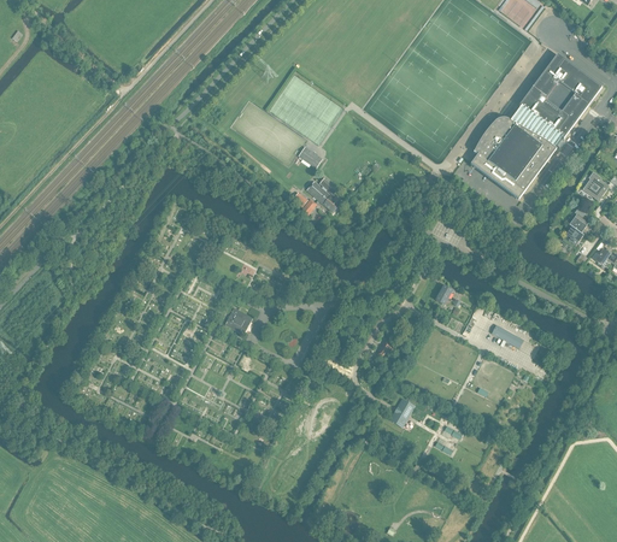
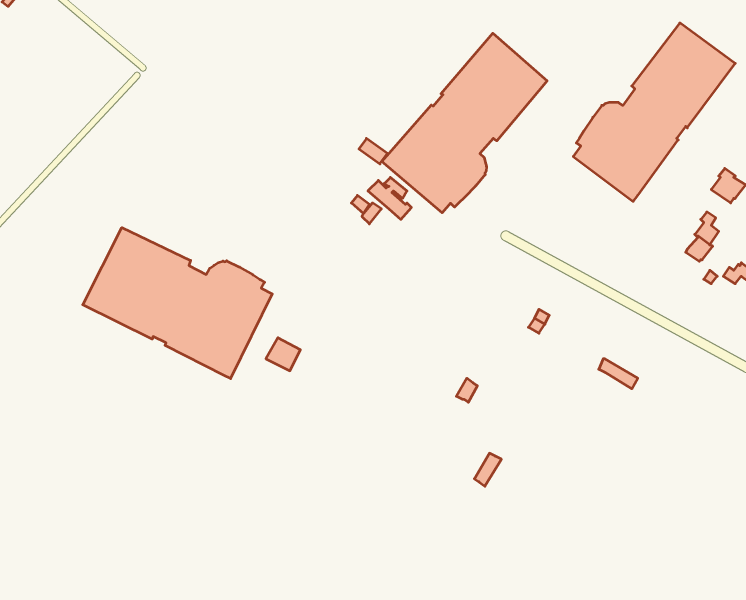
building: none -> [382,33,547,213]
building: none -> [83,228,272,379]

